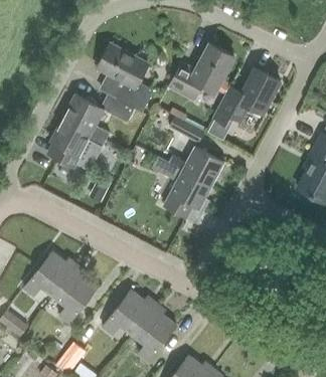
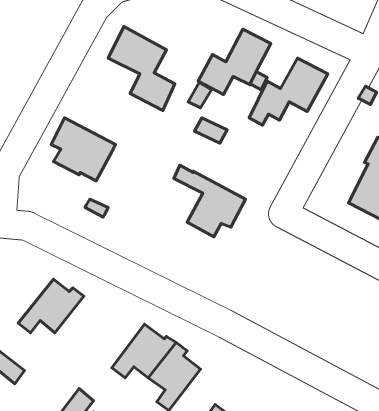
building: [61,93,143,144] -> none
building: [168,147,223,185] -> none
building: [53,265,98,323] -> none

